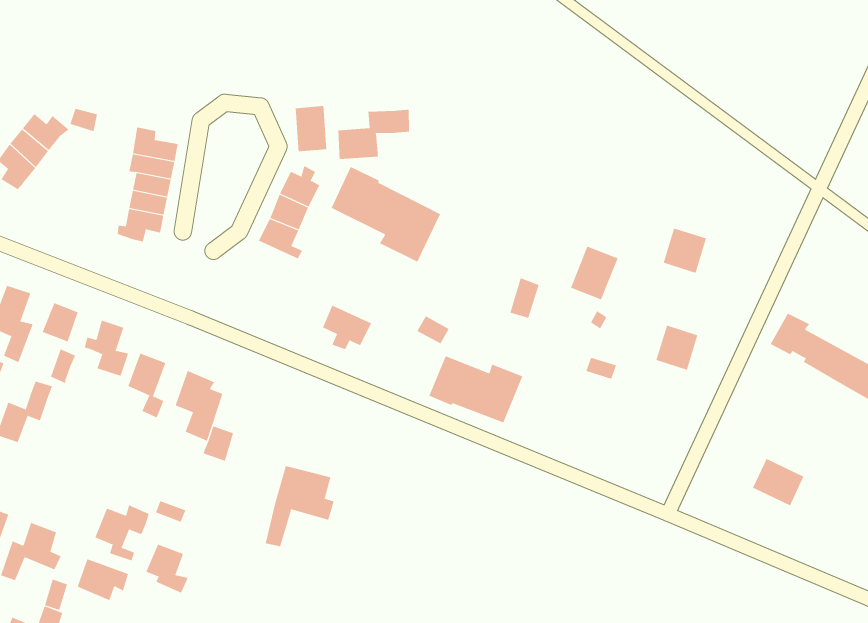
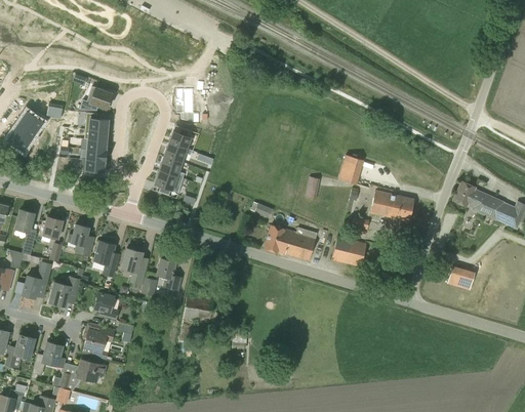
building: none -> [81,86,113,111]
building: [338,109,410,160] -> none
building: [331,166,441,263] -> none
building: [663,228,707,274] -> [370,191,394,215]
building: [322,305,372,350] -> [155,170,183,195]
building: none -> [331,236,366,266]
building: none -> [157,257,181,291]
building: none -> [49,267,82,305]
building: [146,544,189,594] -> [93,292,118,319]

